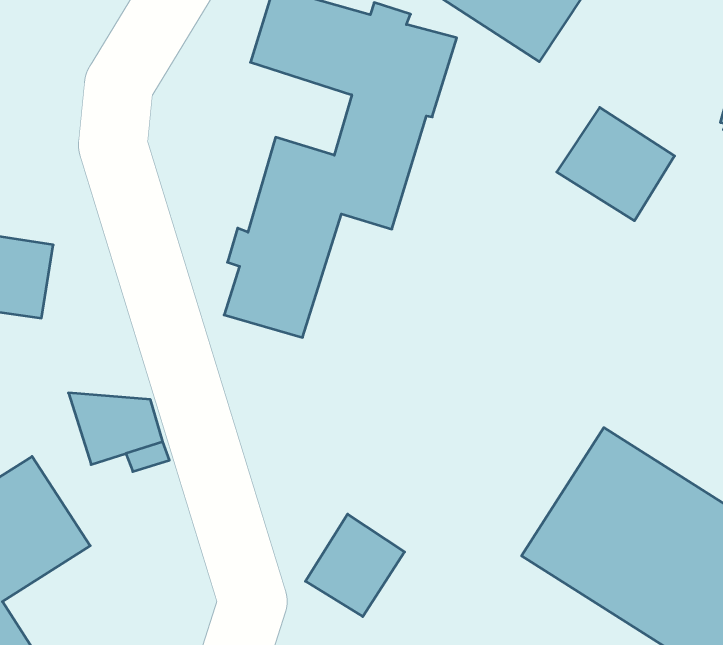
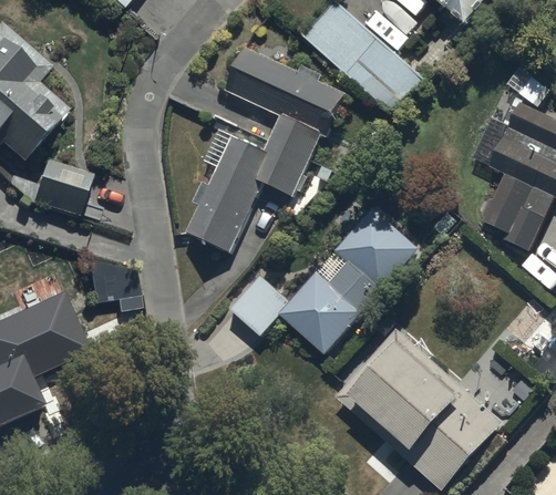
building: [557,107,675,221] -> none
building: none -> [229,207,416,354]
building: [305,514,405,617] -> none

